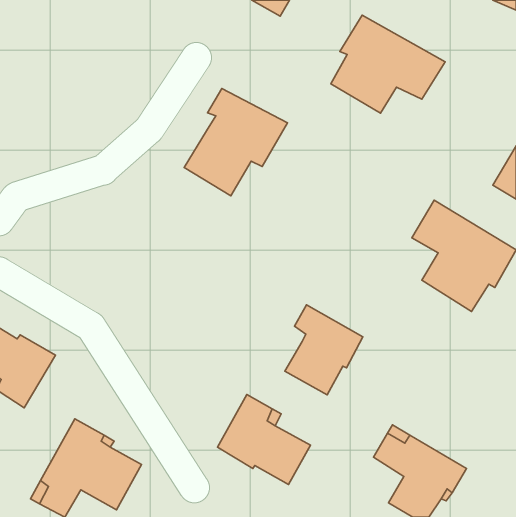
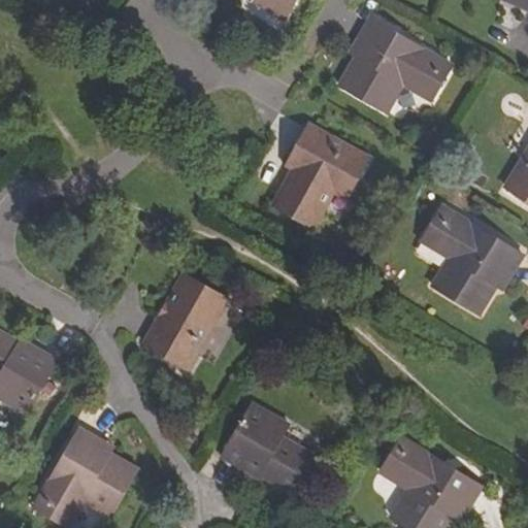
building: [184,88,288,196] -> [267,122,372,231]
building: none -> [141,276,223,370]
building: [285,305,363,395] -> none

